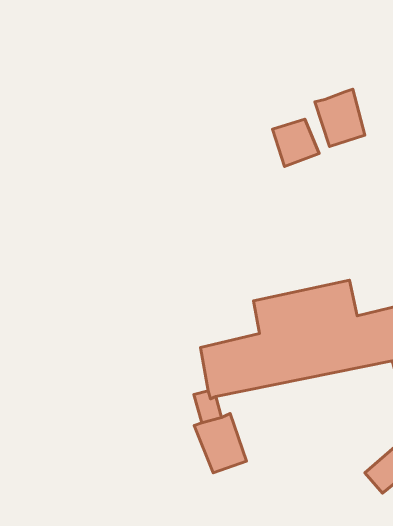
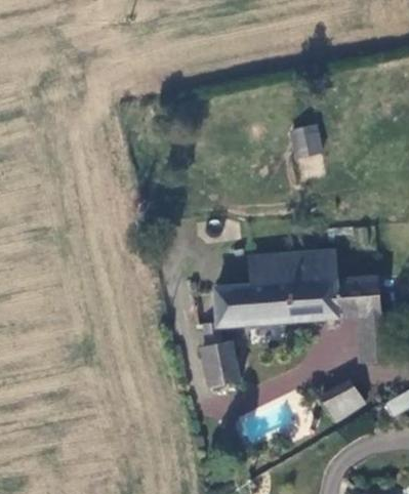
building: [315,89,365,146] -> none

